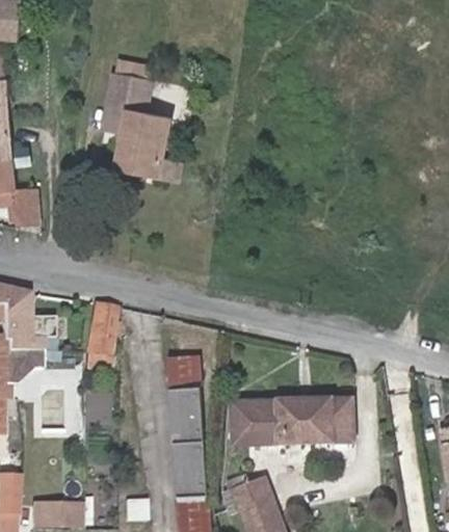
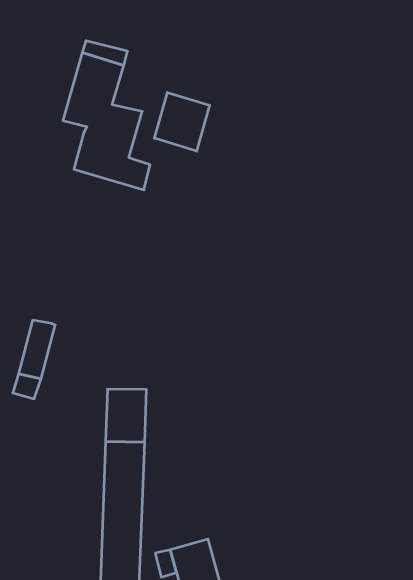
building: none -> [154,92,210,151]
building: [230,395,354,445] -> none

